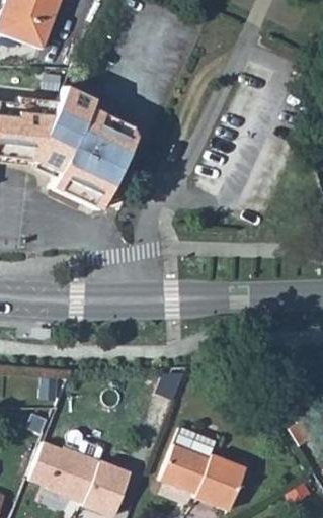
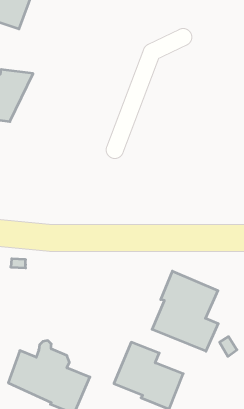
building: [32,94,136,210] -> none
building: none -> [152,271,218,351]

